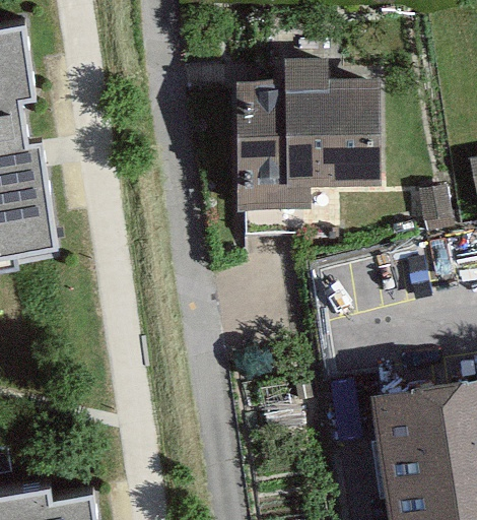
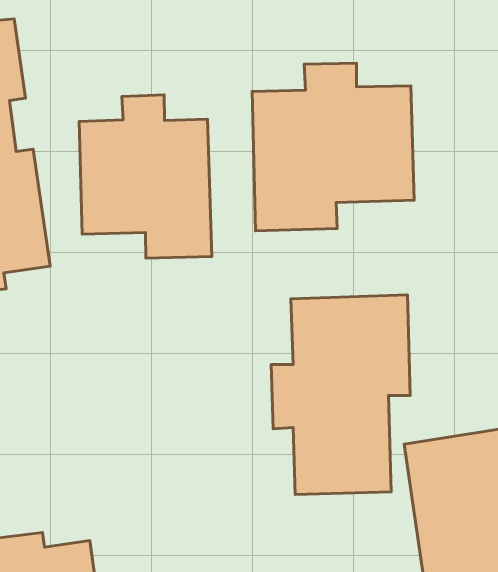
building: none -> [79,95,212,258]
building: none -> [271,295,410,494]

